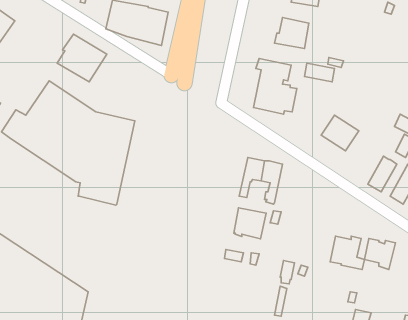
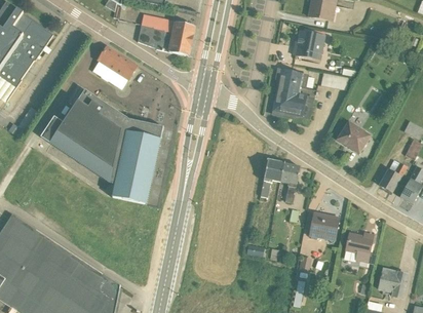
building: [234,208,266,239] -> [309,212,339,241]
building: [364,238,396,270] -> [378,270,407,299]

